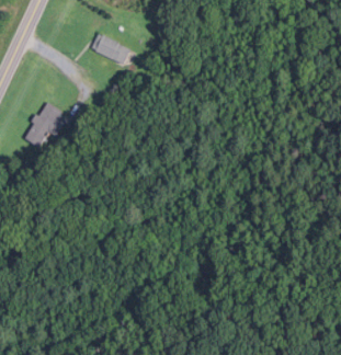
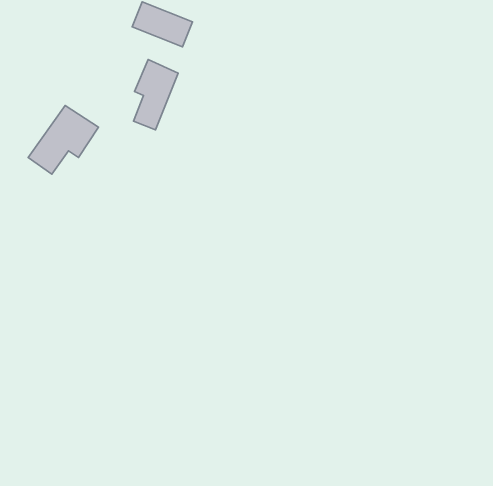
building: none -> [133,59,178,130]

